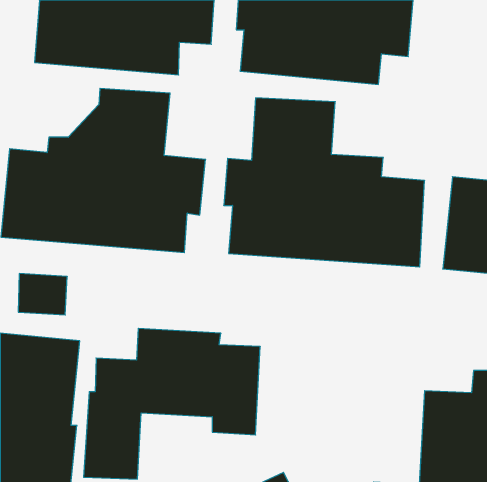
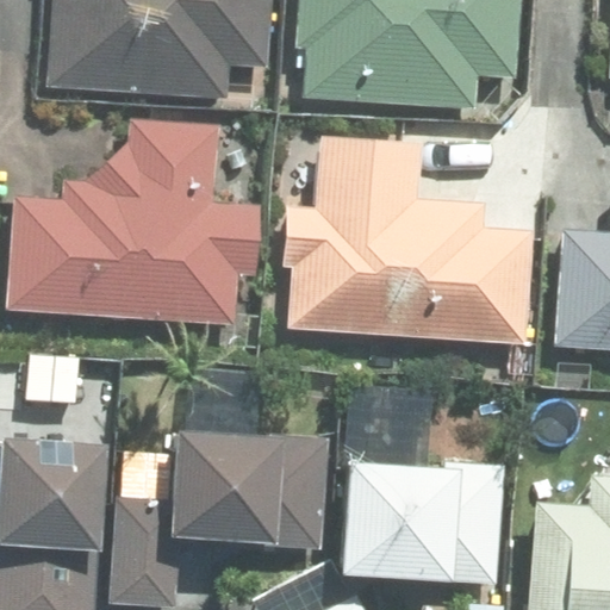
building: none -> [340,450,504,581]

